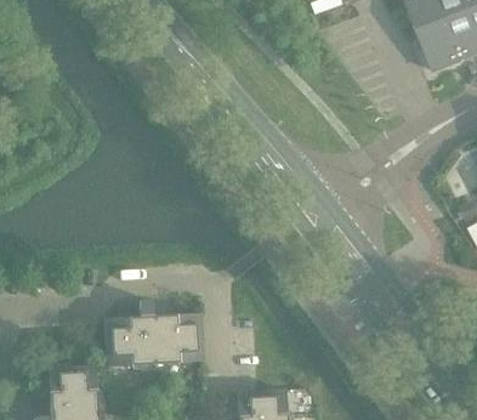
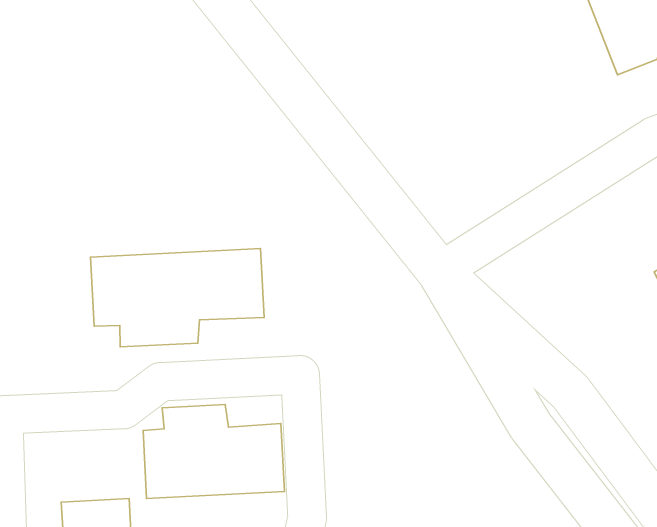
building: none -> [91,248,264,347]

